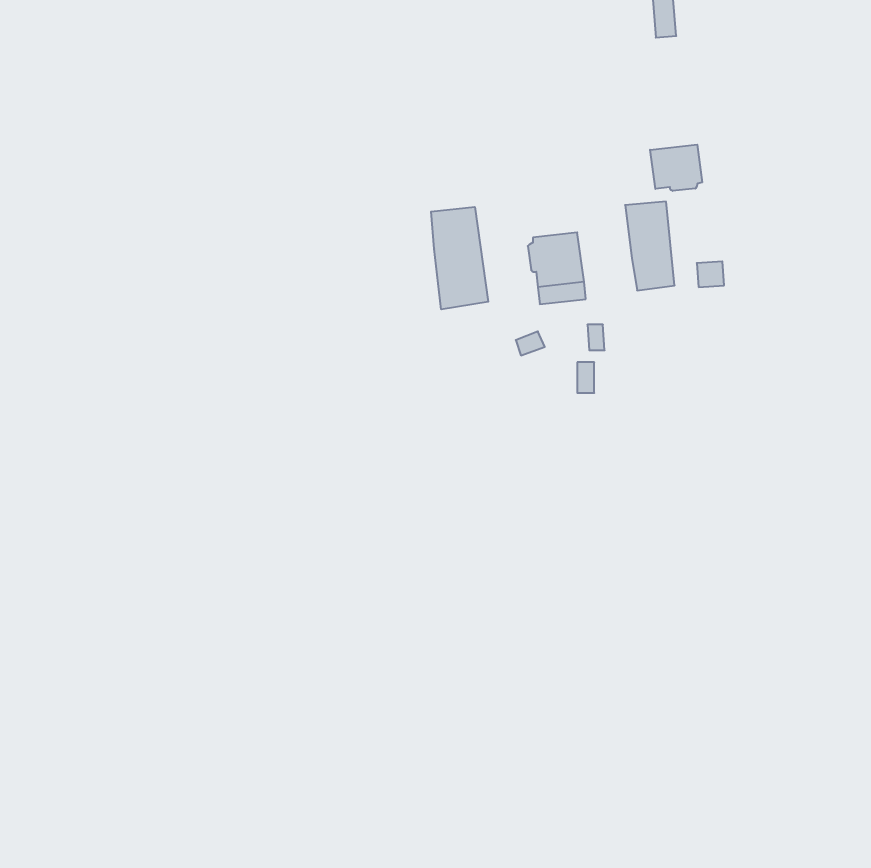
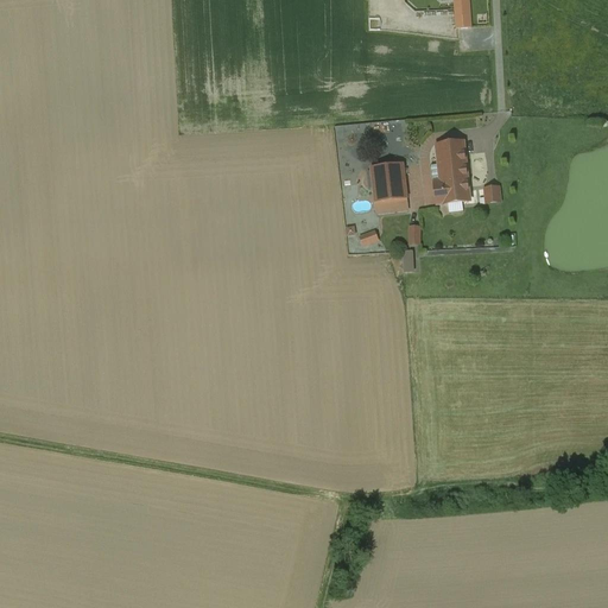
building: [650,145,702,191] -> none
building: [431,207,488,309] -> none

